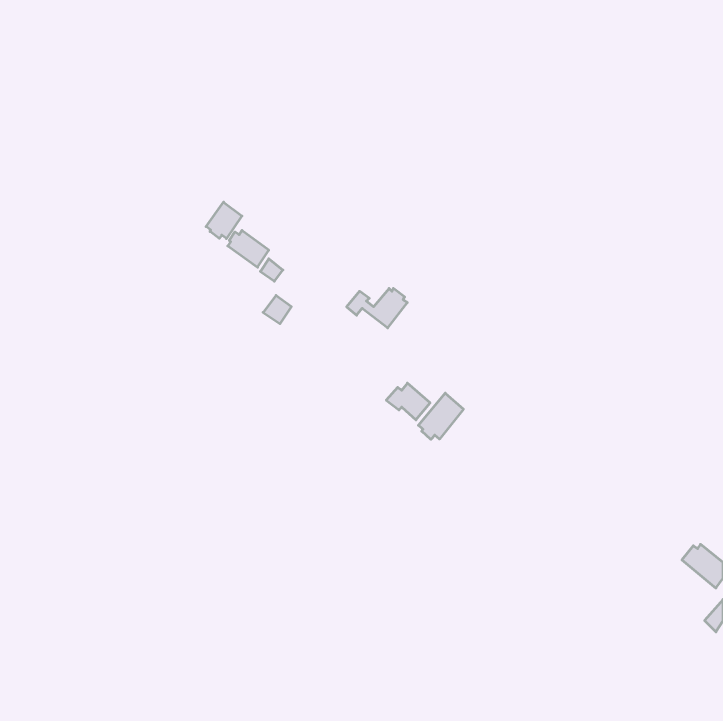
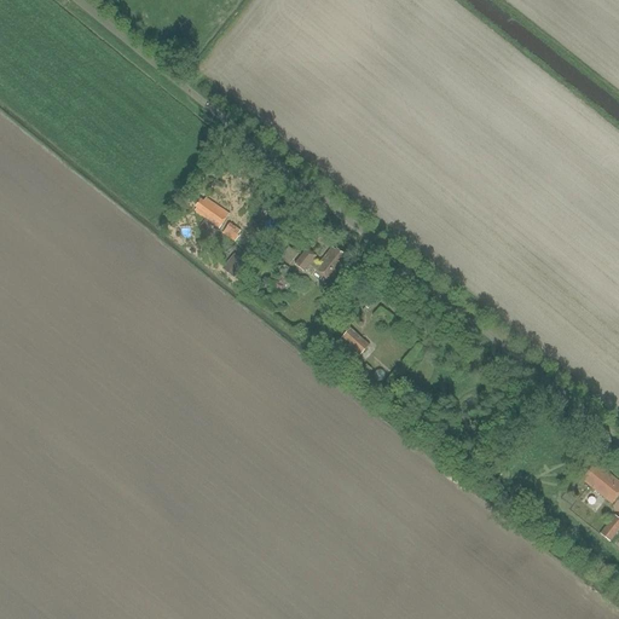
building: [206,202,242,239] -> none
building: [418,393,463,439] -> none

